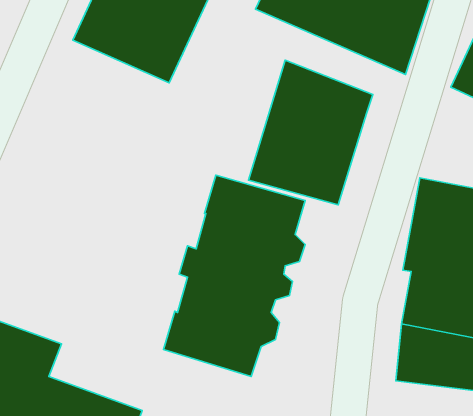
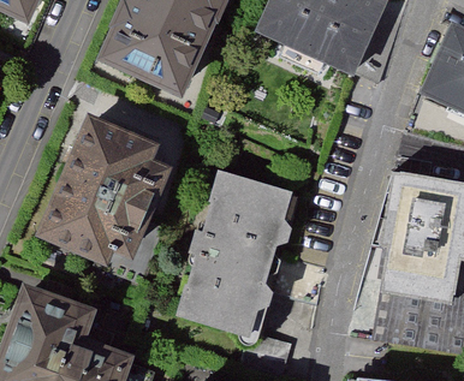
building: [249,60,373,205] -> none
building: none -> [44,119,166,261]

